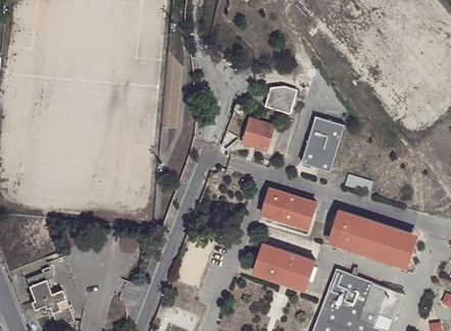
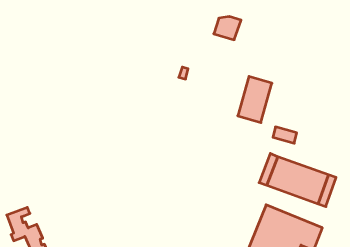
building: [264,87,297,114] -> [214,17,241,40]
building: [241,118,272,150] -> none
building: [262,188,316,228] -> none
building: [253,242,315,290] -> none

